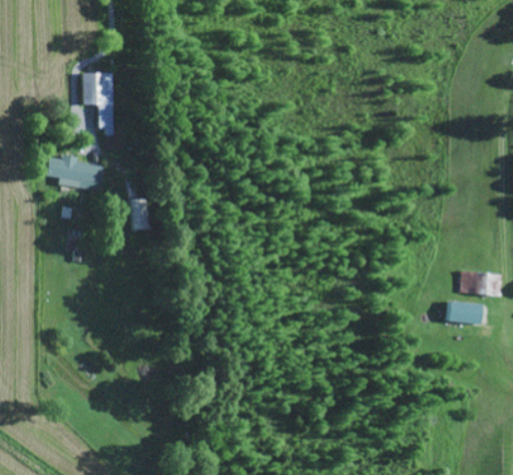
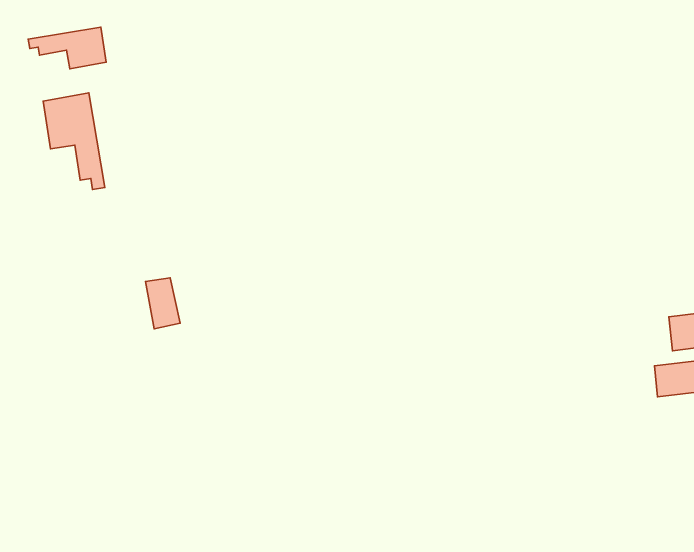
building: none -> [28,27,106,69]
building: [46,154,103,190] -> none

